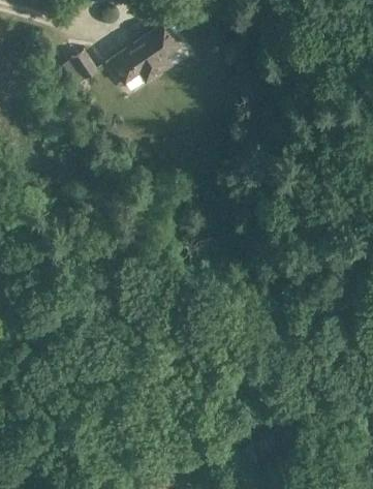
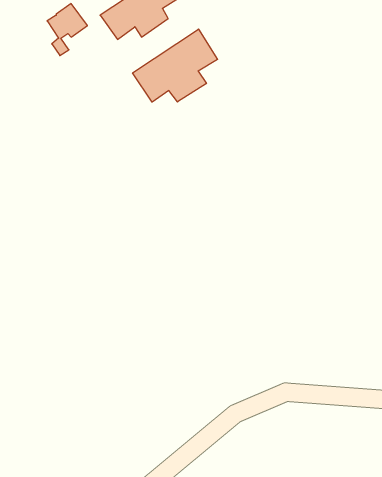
building: none -> [133,29,218,102]

